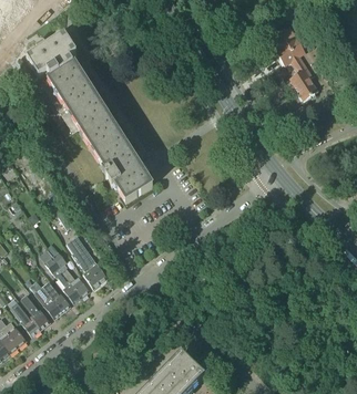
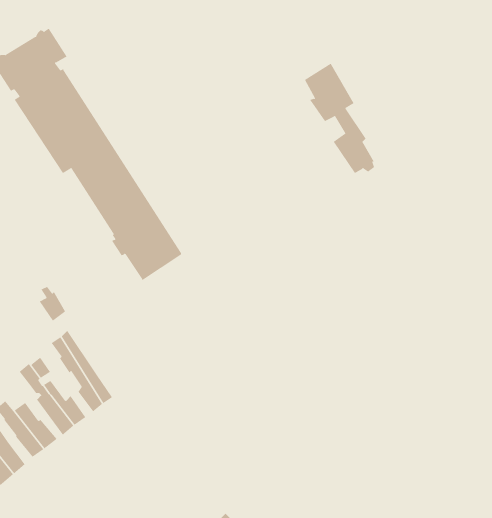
building: [269,22,316,95] -> [304,63,375,174]

